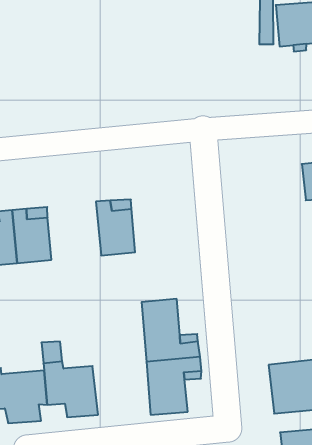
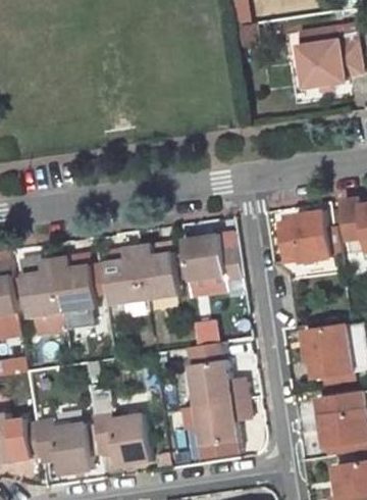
building: none -> [273,210,329,262]
building: none -> [179,239,239,287]
building: none -> [103,250,143,308]
building: none -> [301,327,352,382]

